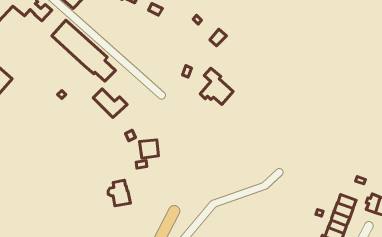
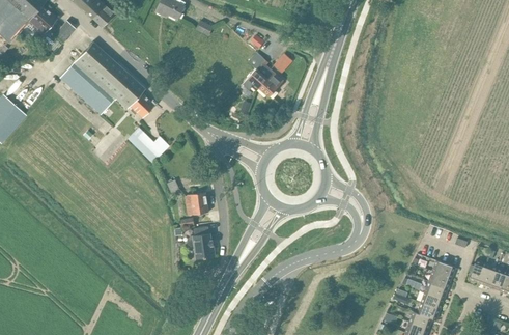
building: none -> [58,61,114,115]
building: [200,68,233,105] -> [242,52,283,97]
building: [108,180,130,206] -> [187,226,215,258]

